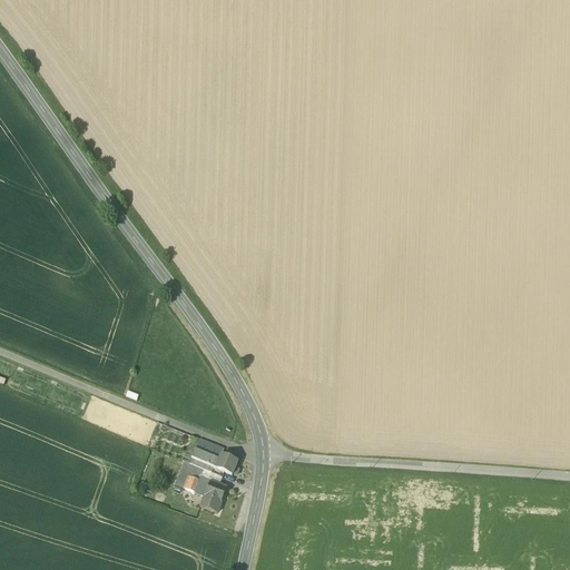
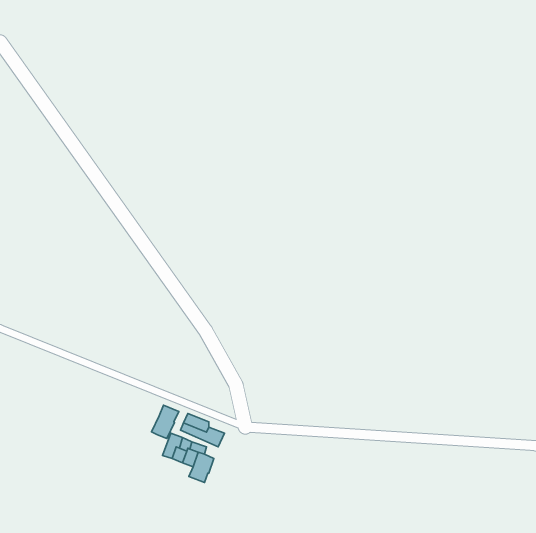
building: none -> [152,405,179,439]

